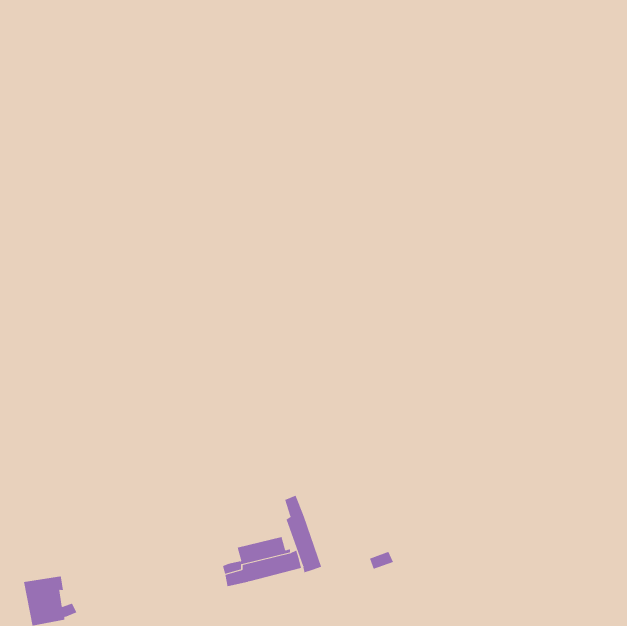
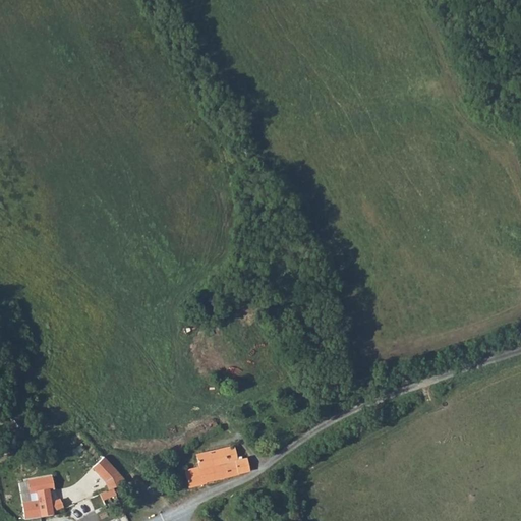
building: [285,495,322,573] -> none
building: none -> [93,456,125,489]

